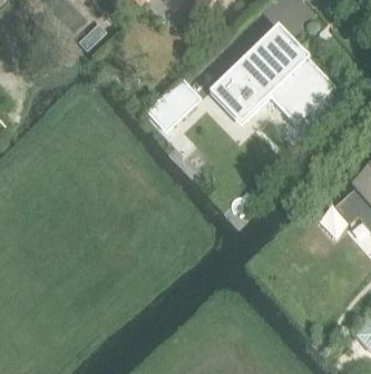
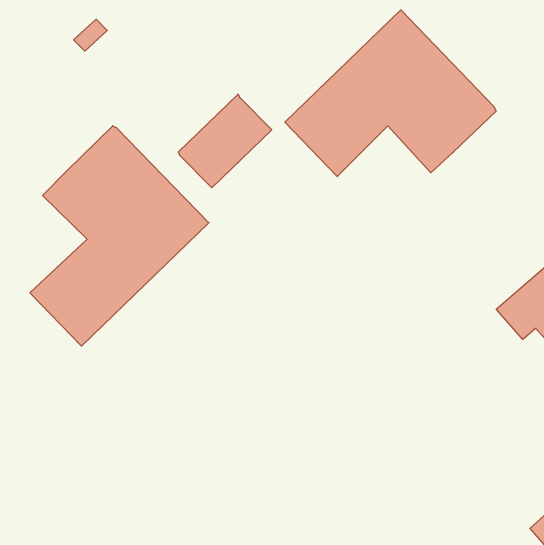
building: none -> [30,126,209,346]

